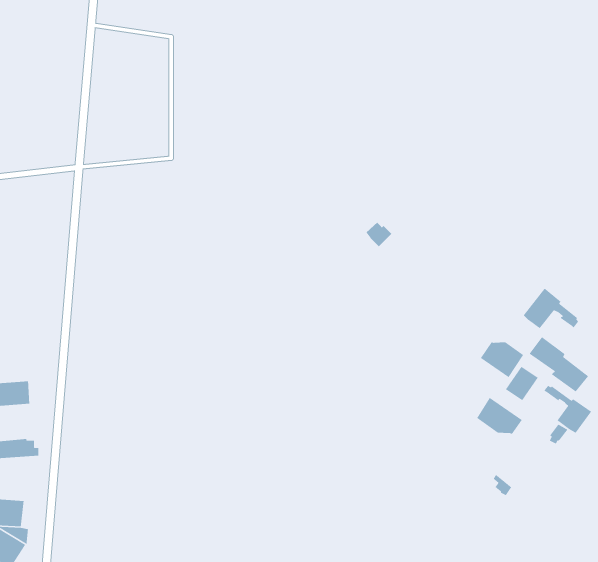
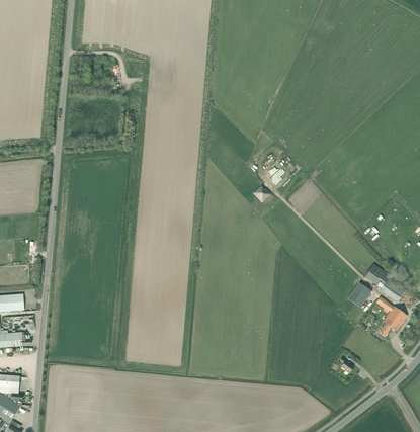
building: [523,288,579,329] -> none
building: [480,342,524,378] -> none
building: [476,397,523,435] -> none

